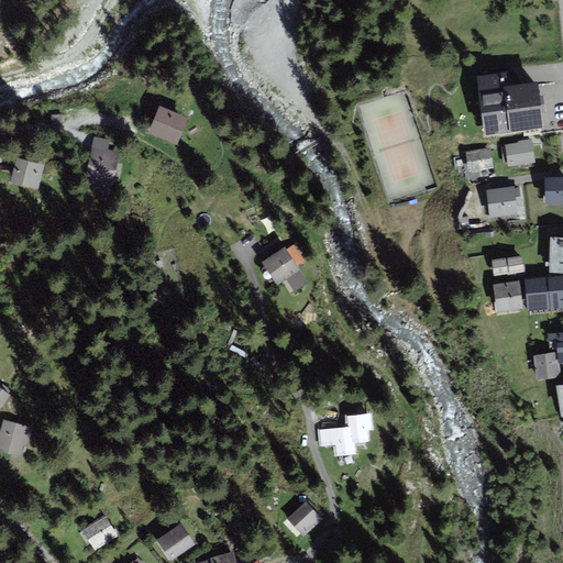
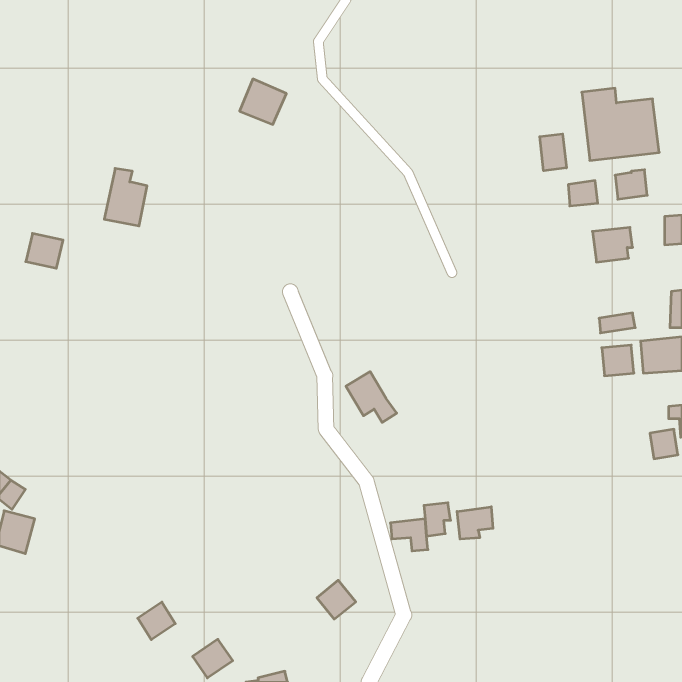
building: [148,106,187,143] -> [240,79,286,124]
building: none -> [540,134,566,171]
building: [12,158,43,187] -> [26,233,63,268]
building: [264,247,306,289] -> [346,372,397,422]
building: none -> [457,507,493,539]
building: [289,503,321,534] -> [317,580,356,619]
building: [84,516,114,547] -> [138,602,175,640]

